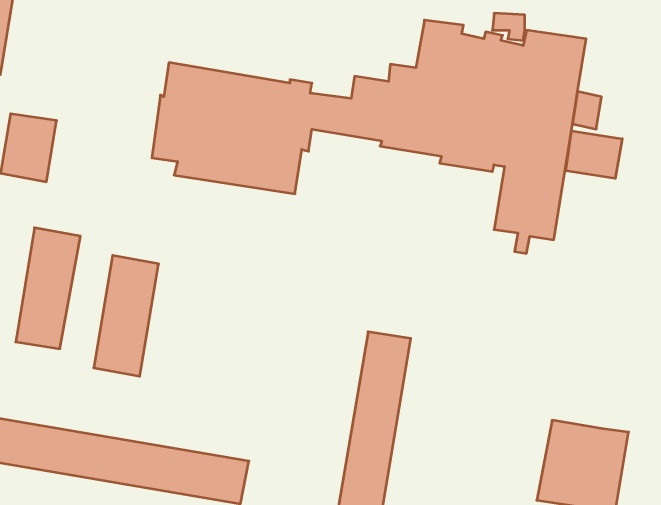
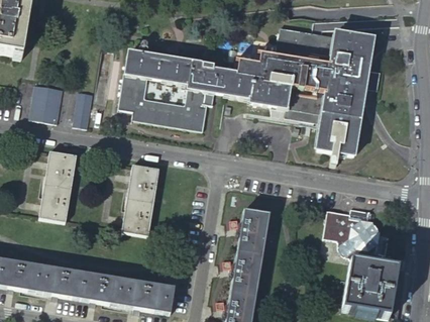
building: none -> [70,89,90,127]
building: [566,131,622,178] -> none
building: [94,255,159,376] -> [117,164,155,235]
building: none -> [325,209,392,269]

